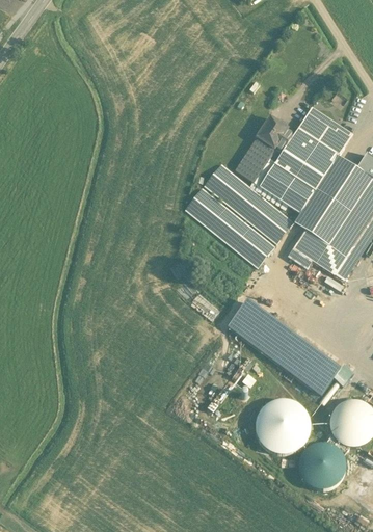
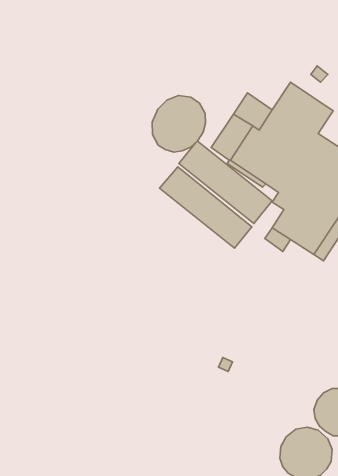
building: none -> [152,96,206,152]
building: [230,299,343,396] -> none
building: [256,400,312,455] -> none

